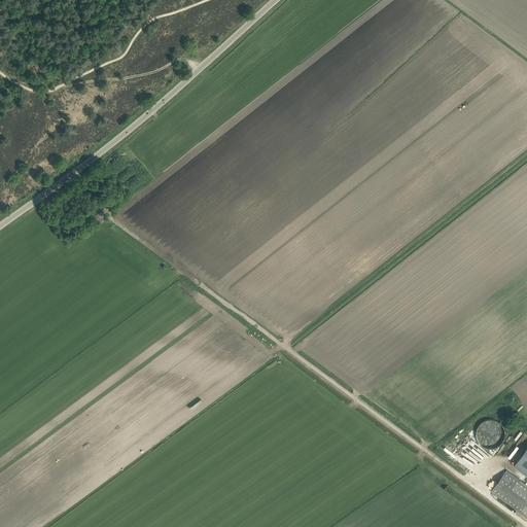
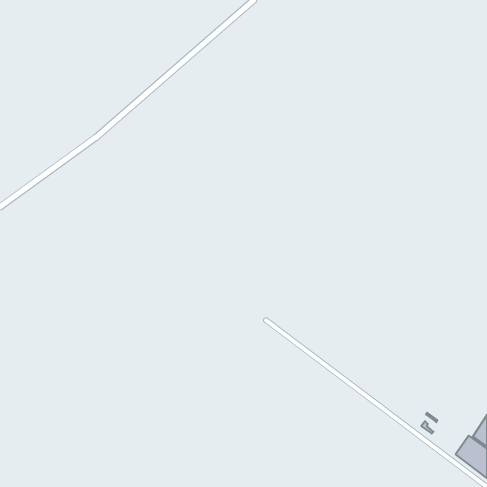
building: [477,419,505,448] -> none

